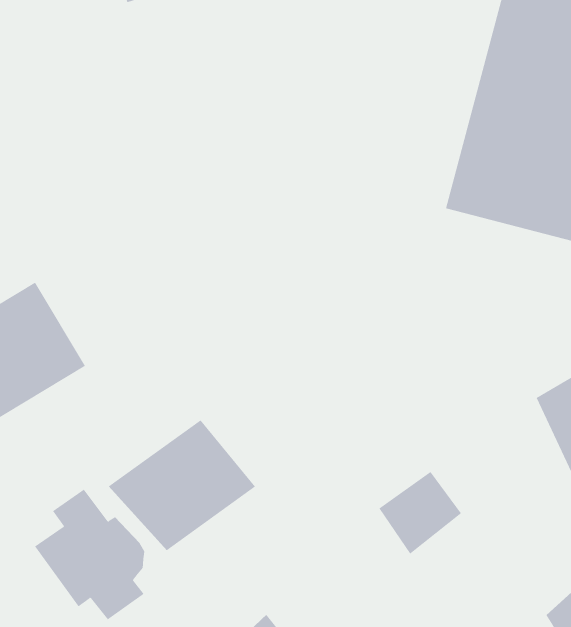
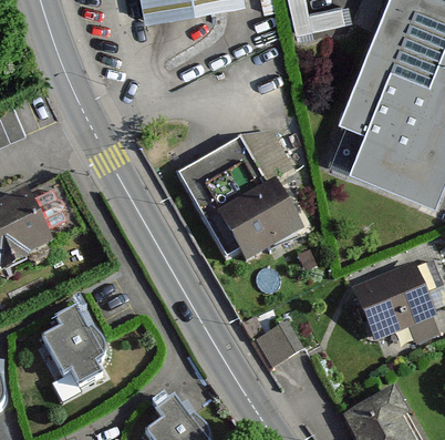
building: none -> [175,125,300,266]
building: [108,419,256,551] -> none

